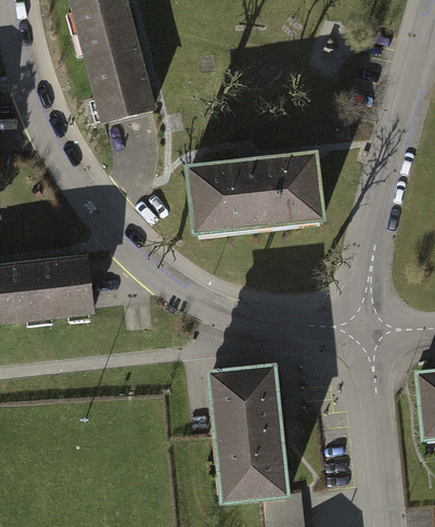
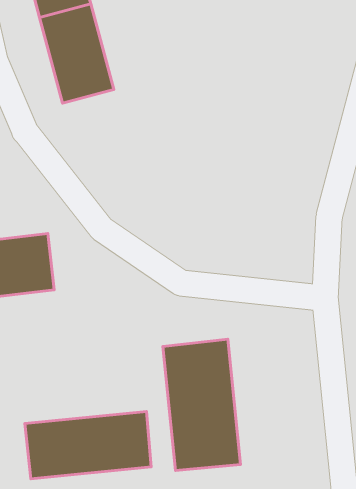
building: [181,152,323,237] -> none
building: none -> [25,411,151,479]

